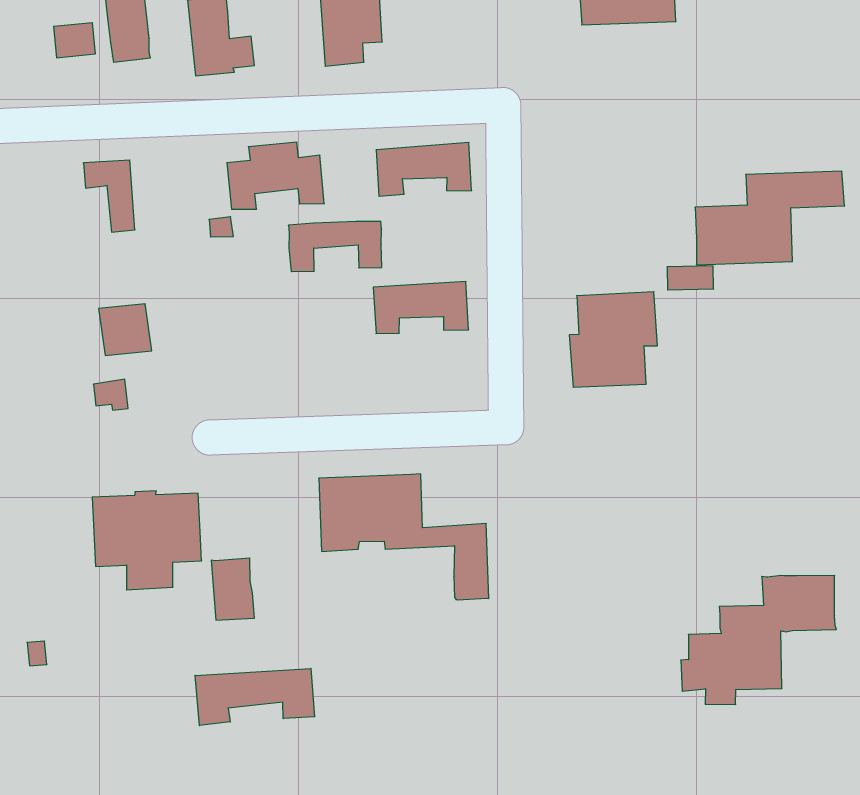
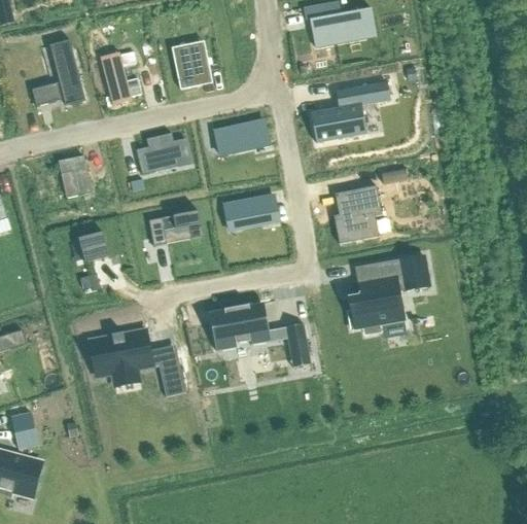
building: [695,171,845,265] -> [310,80,390,142]
building: [288,221,382,272] -> [148,210,202,244]
building: [681,575,836,705] -> [347,254,428,334]
building: [195,668,315,726] -> none

